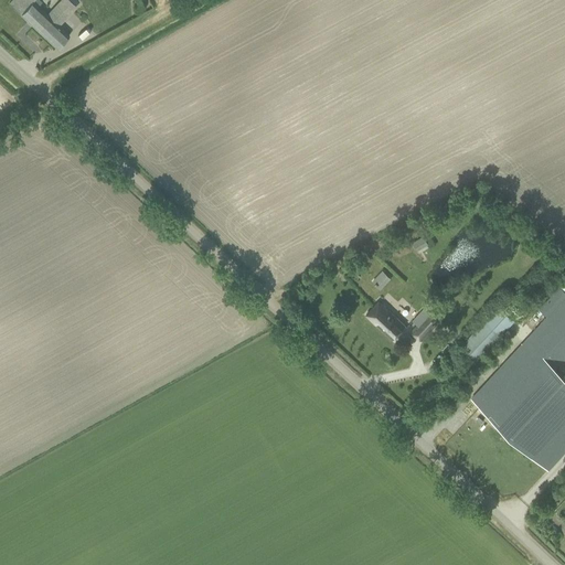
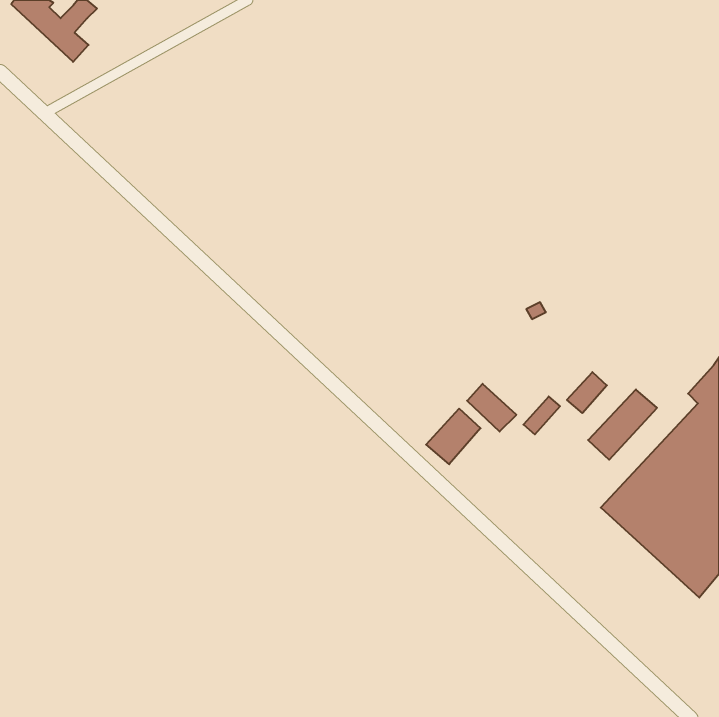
building: none -> [567,372,607,413]
building: none -> [426,409,481,464]

